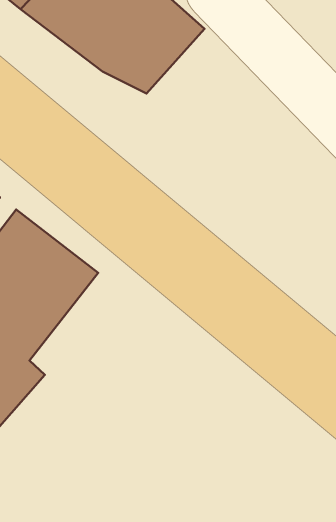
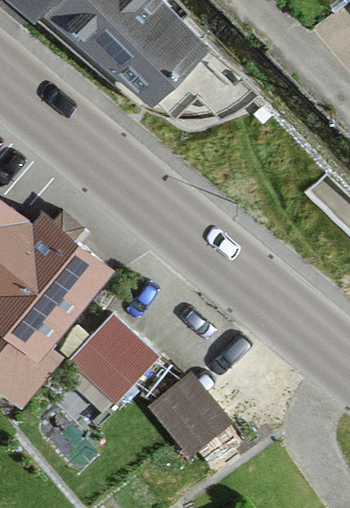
building: none -> [60,322,149,412]
building: none -> [146,358,232,447]

